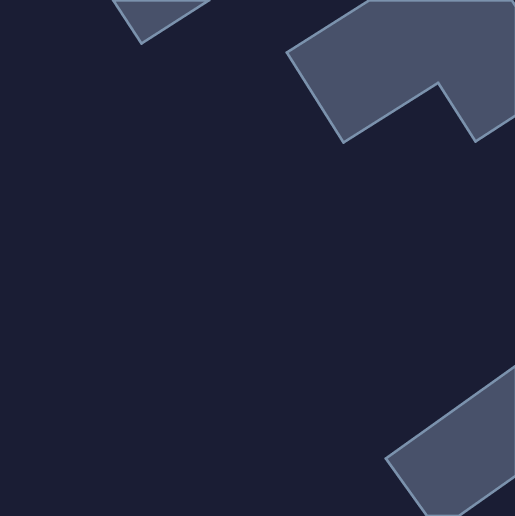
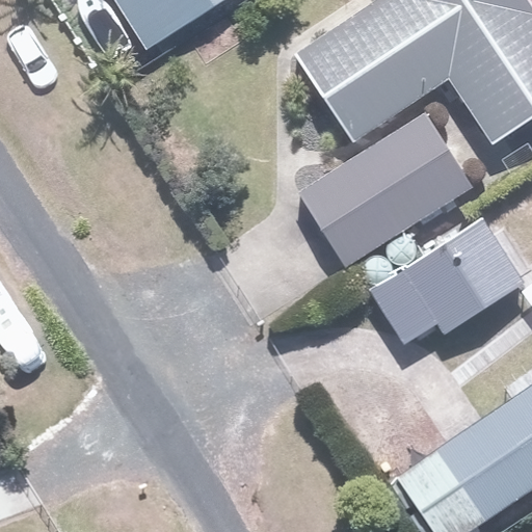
building: none -> [293,112,473,270]
building: none -> [372,222,523,344]

